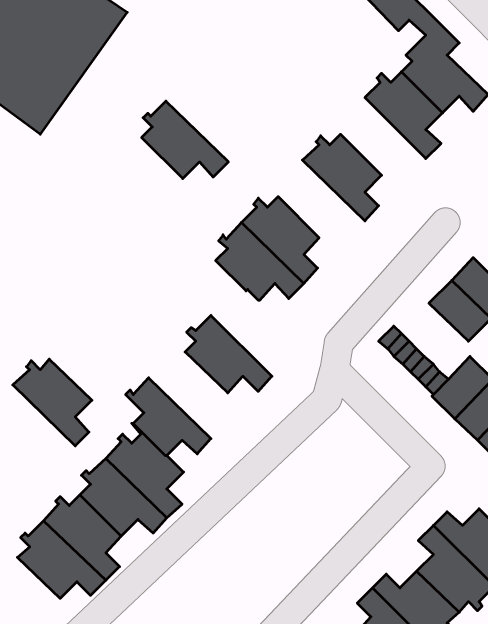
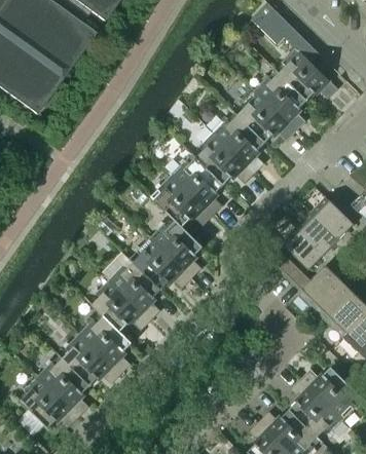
building: none -> [237,90,295,143]
building: [142,101,228,179] -> [195,133,254,185]
building: none -> [150,220,203,278]
building: none -> [283,229,324,270]
building: [13,359,92,446] -> [108,262,161,320]

